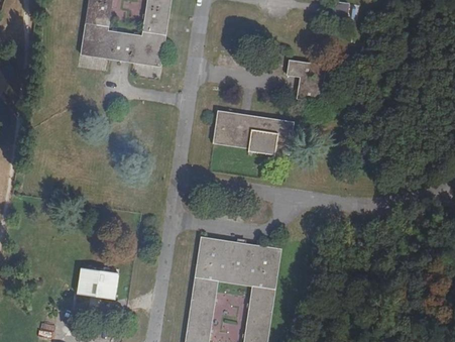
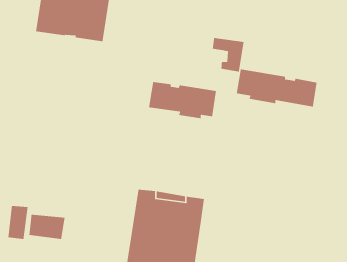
building: none -> [236,68,318,108]
building: none -> [7,205,29,240]

